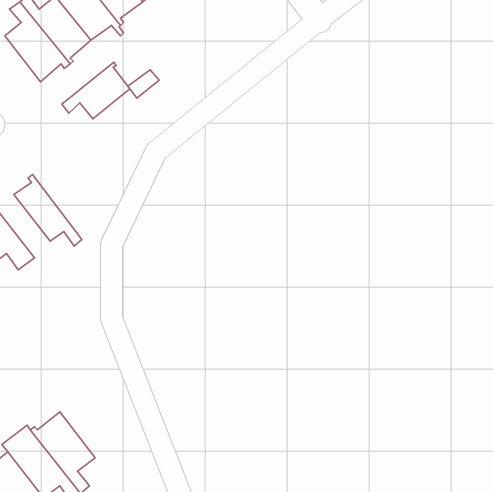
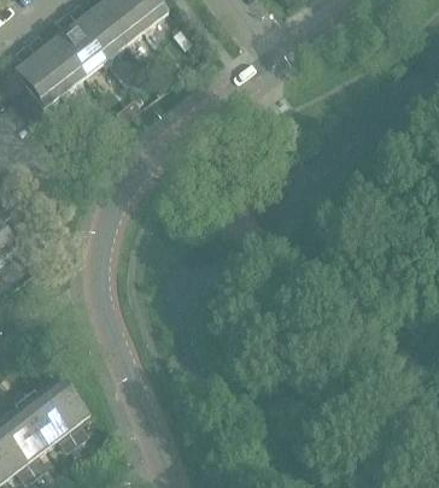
building: [62,62,130,119] -> none
building: [14,175,82,246] -> none

